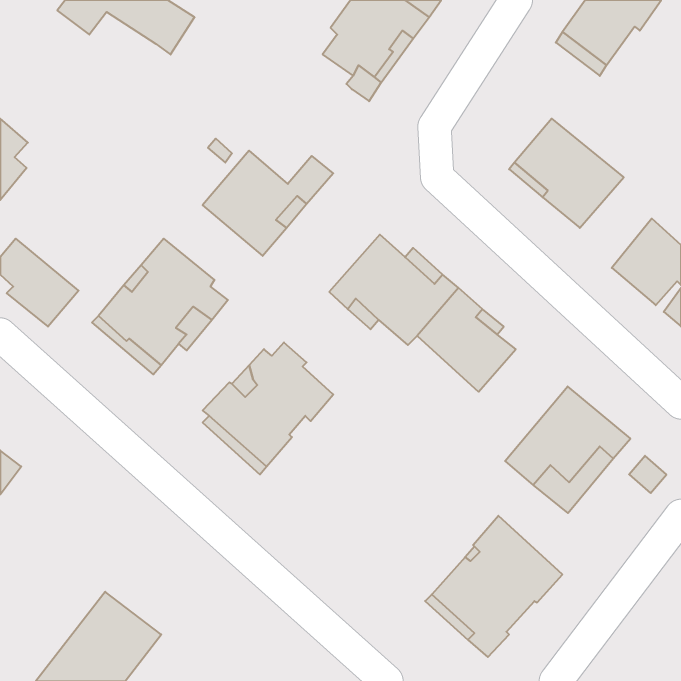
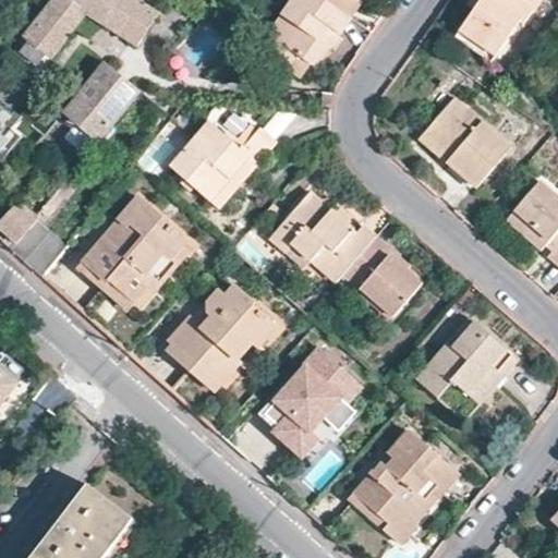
building: none -> [13,9,73,73]
building: none -> [63,60,140,141]
building: none -> [256,349,365,465]

